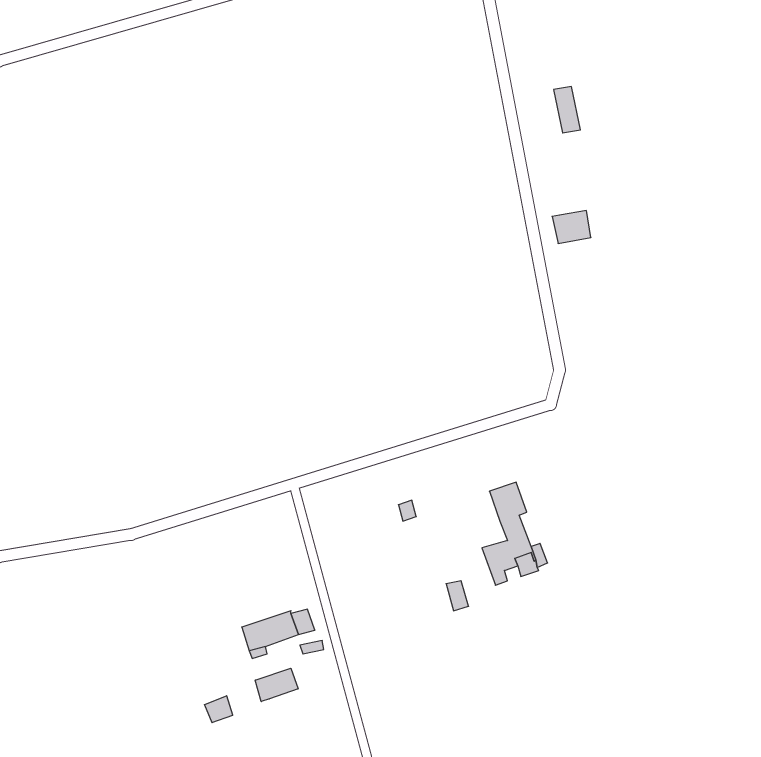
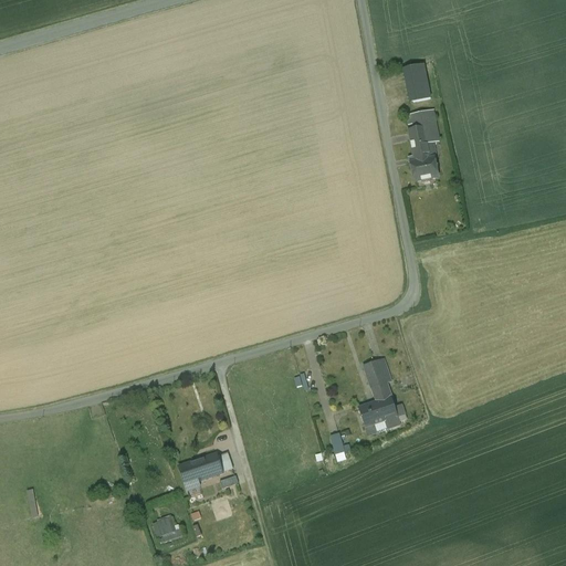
building: none -> [407,108,439,159]
building: [255,668,298,702] -> none

